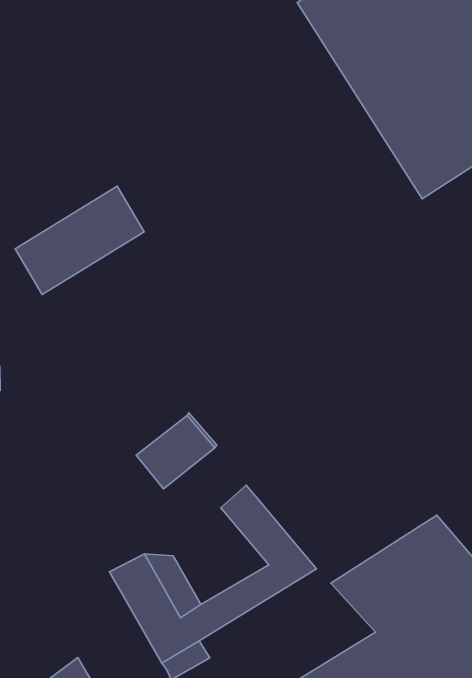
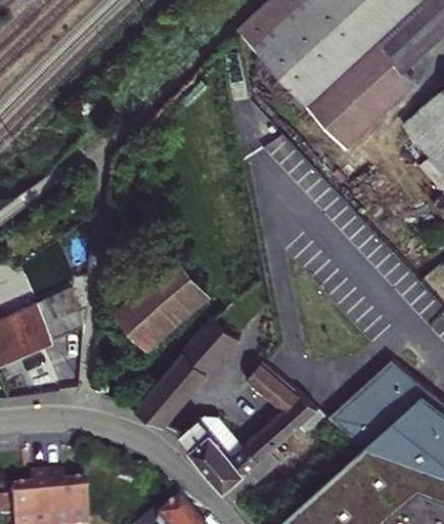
building: [15,186,144,294] -> [118,261,203,343]
building: none -> [134,355,207,428]

